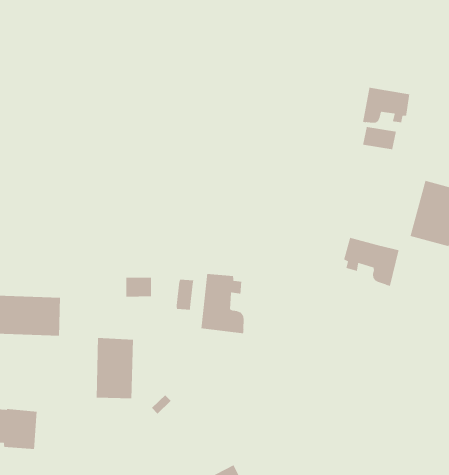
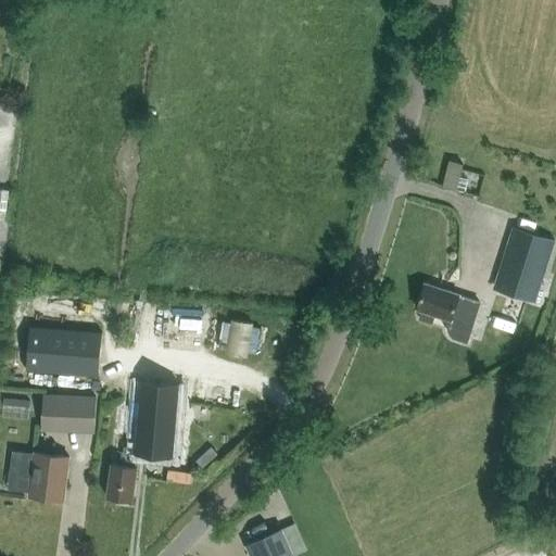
building: [362,87,410,124] -> none
building: [200,273,245,334] -> none
building: none -> [41,395,96,434]
building: none -> [106,448,138,502]

